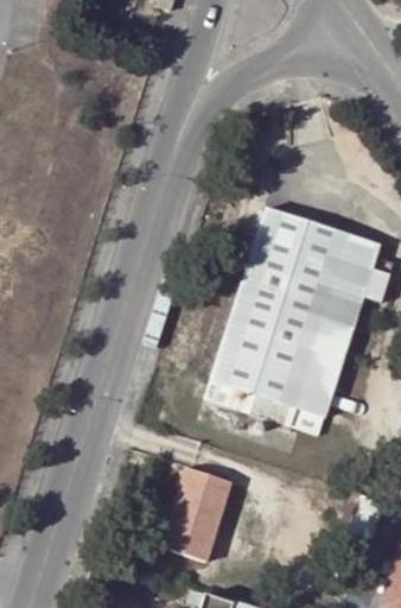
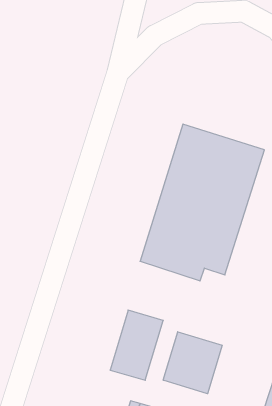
building: none -> [163,332,222,394]

